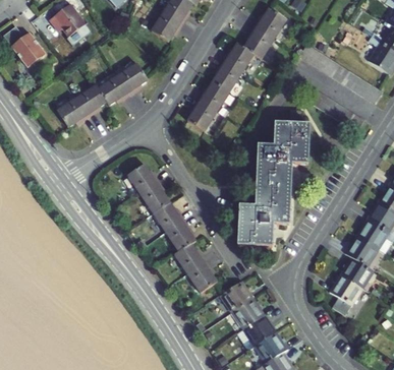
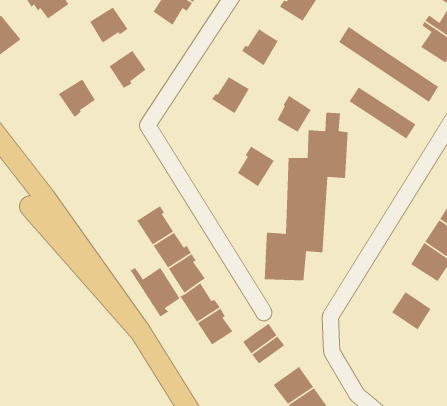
building: [242,26,272,58] -> none
building: [212,62,240,92] -> [276,95,312,133]
building: [96,74,127,104] -> [89,6,128,43]
building: [56,97,88,126] -> none
building: [186,101,217,134] -> [237,145,275,187]
building: [124,168,157,198] -> none
building: [347,234,381,265] -> none
building: none -> [129,267,181,317]
building: [334,272,364,311] -> none
building: [236,299,269,330] -> none

